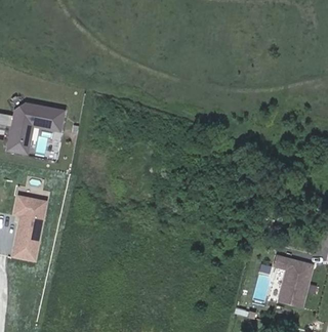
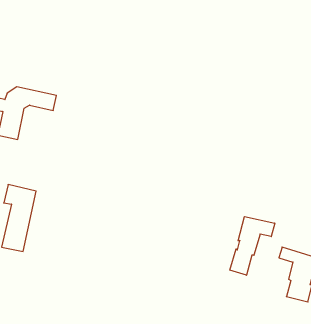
building: none -> [230,217,275,275]

